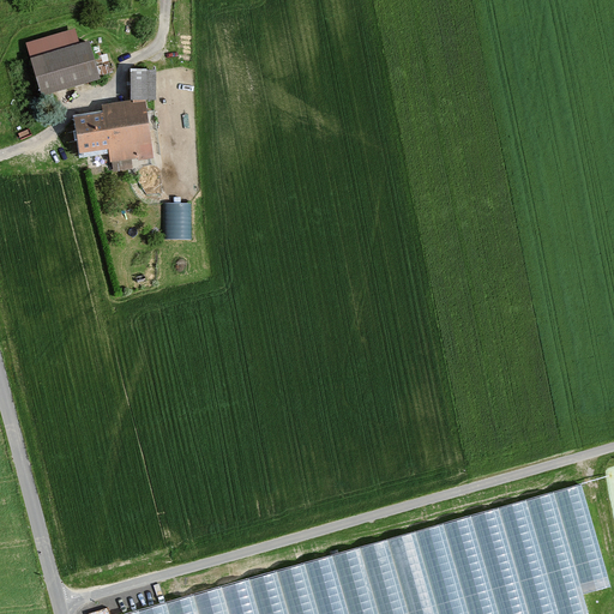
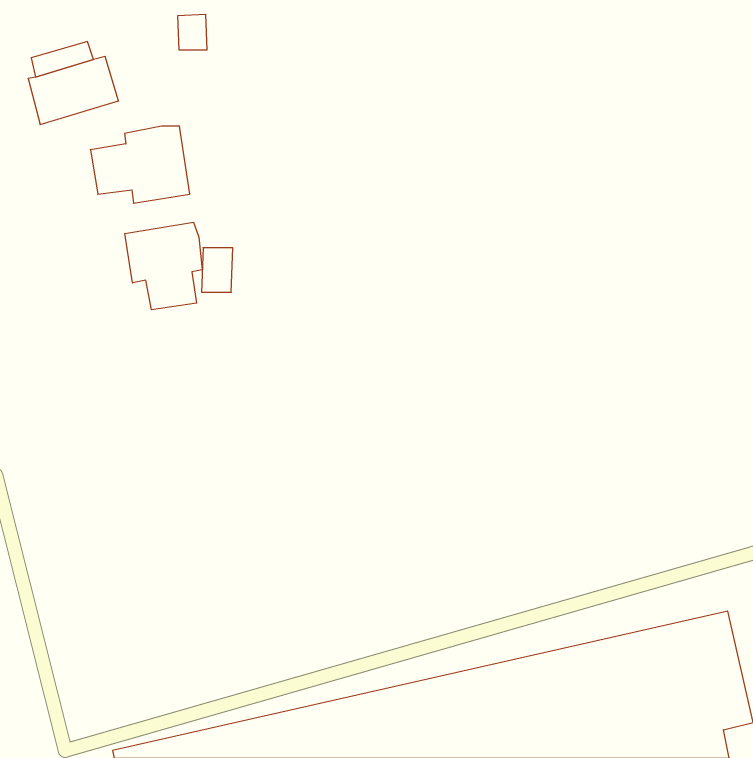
building: [130,73,154,102] -> [178,14,207,50]
building: none -> [125,222,202,310]

